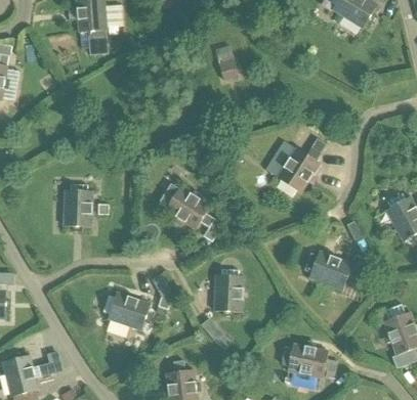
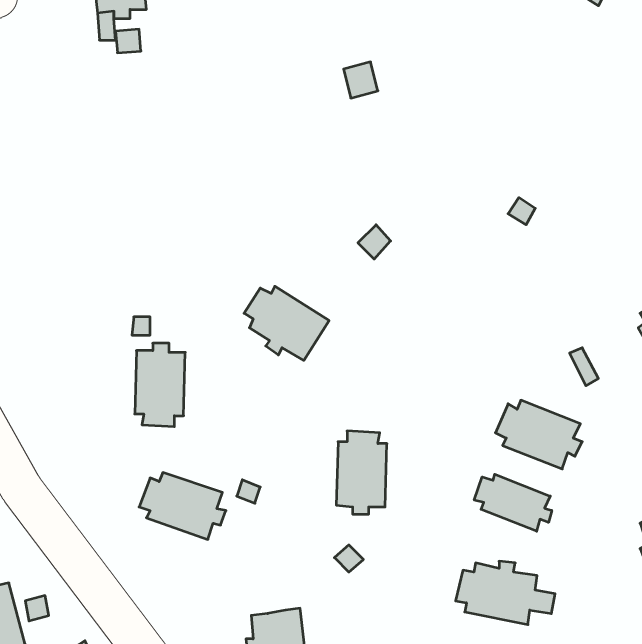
building: [264,140,320,195] -> none
building: [64,185,92,232] -> [135,343,185,427]
building: none -> [474,474,552,531]

